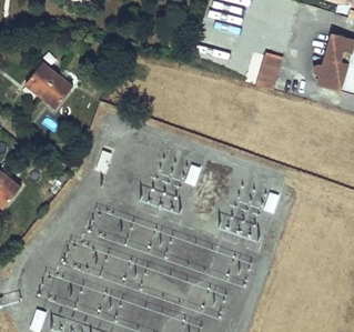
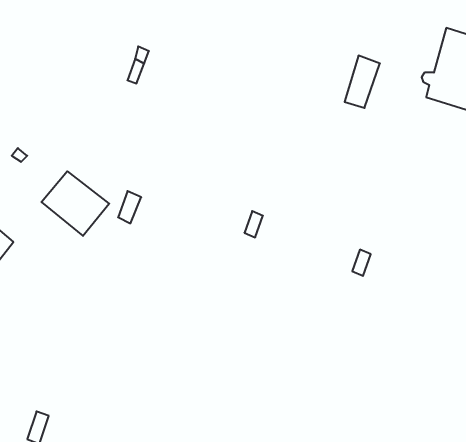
building: [26,61,74,108] -> [41,171,109,236]

